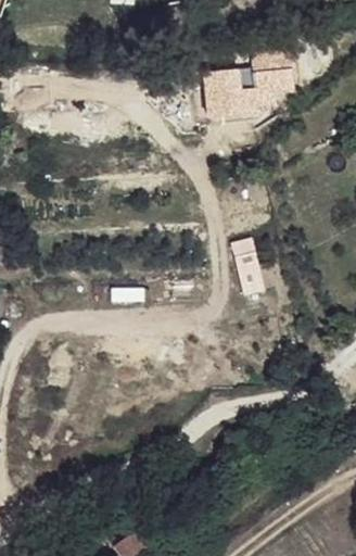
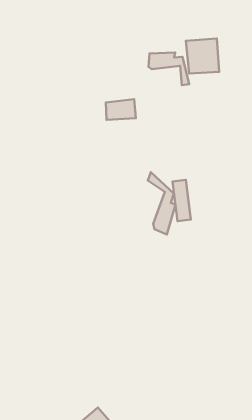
building: [207,90,246,117] -> [106,99,136,120]
building: none -> [148,172,176,235]

